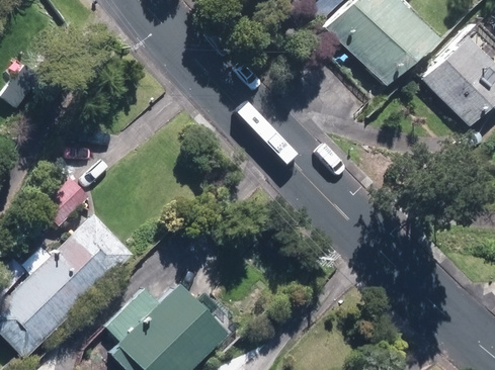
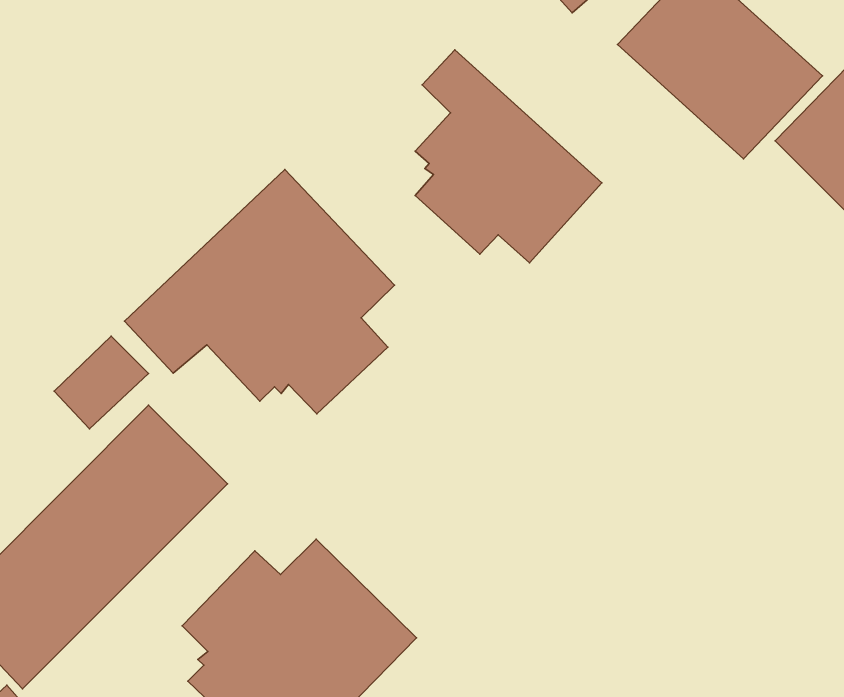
building: none -> [415,50,602,263]
building: none -> [125,169,395,414]

